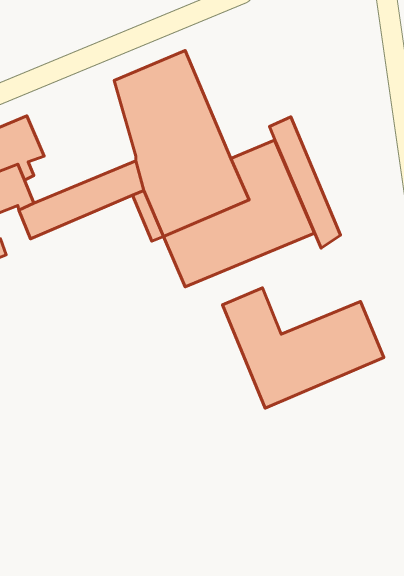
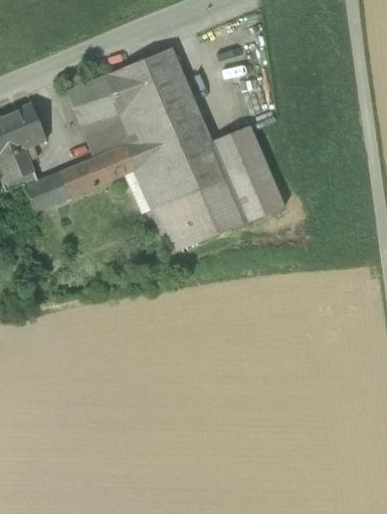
building: none -> [66,73,128,154]
building: [270,117,341,248] -> none
building: [223,288,384,408] -> none

